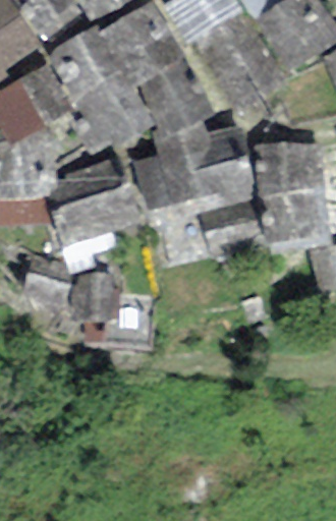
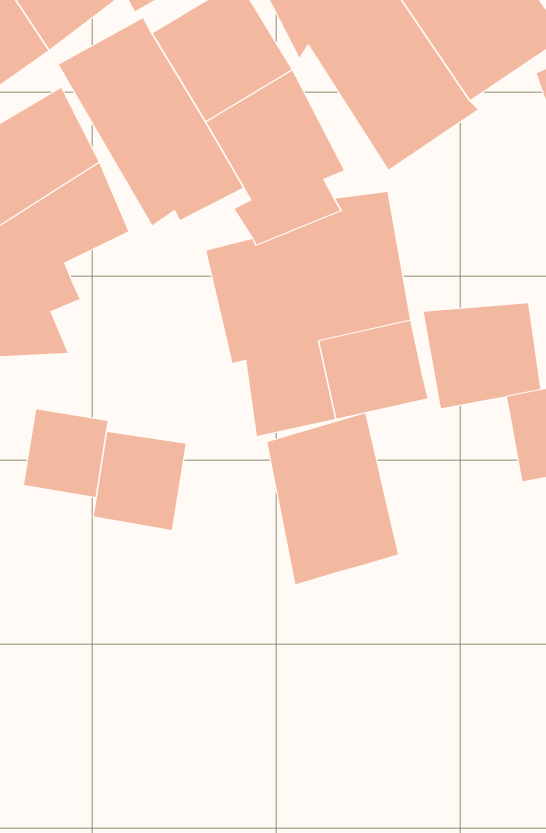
building: [255,137,322,195] -> none
building: [42,154,137,247] -> none
building: none -> [267,413,398,585]

